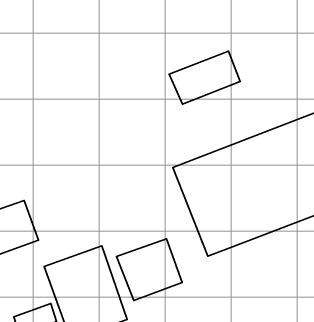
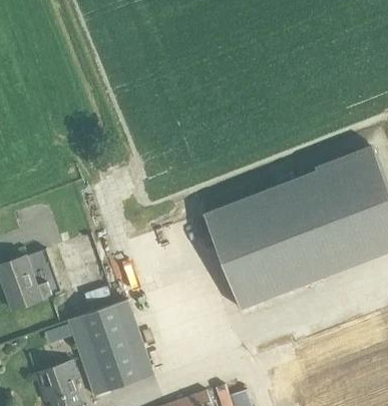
building: [169,51,240,104] -> none
building: [116,239,182,301] -> none

